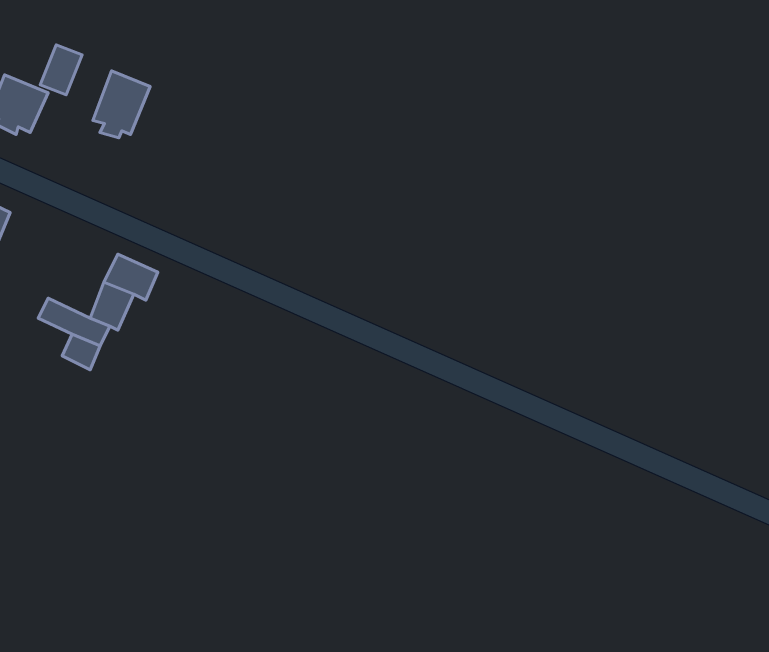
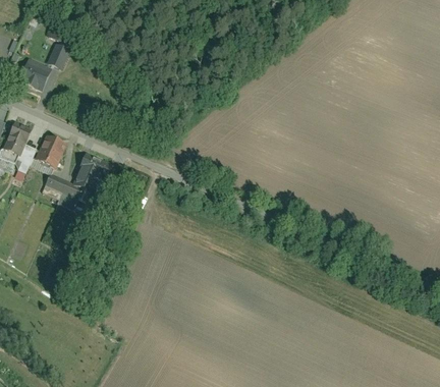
building: [93,71,150,138] -> none
building: none -> [35,135,65,169]

